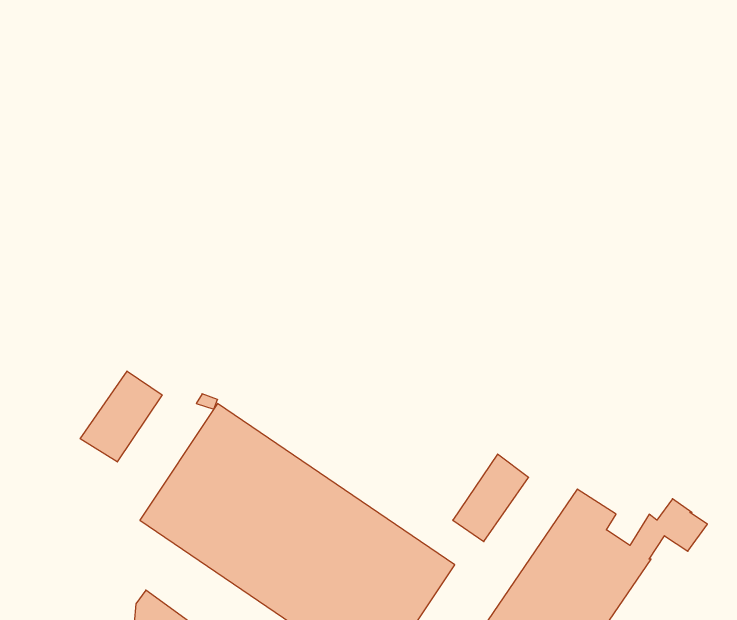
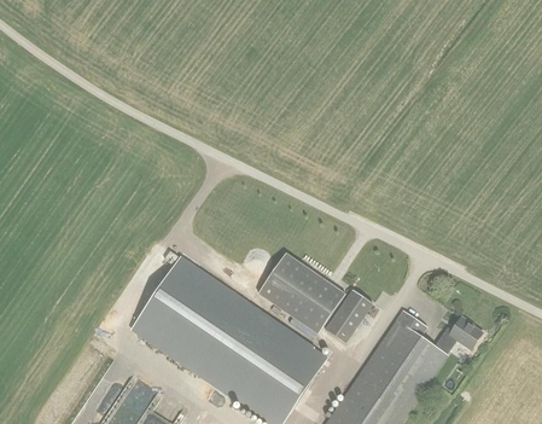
building: [80,371,162,462] -> none
building: none -> [258,252,345,333]

